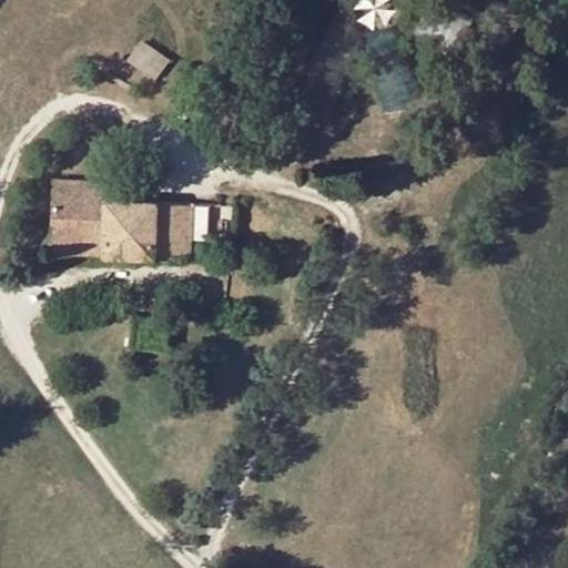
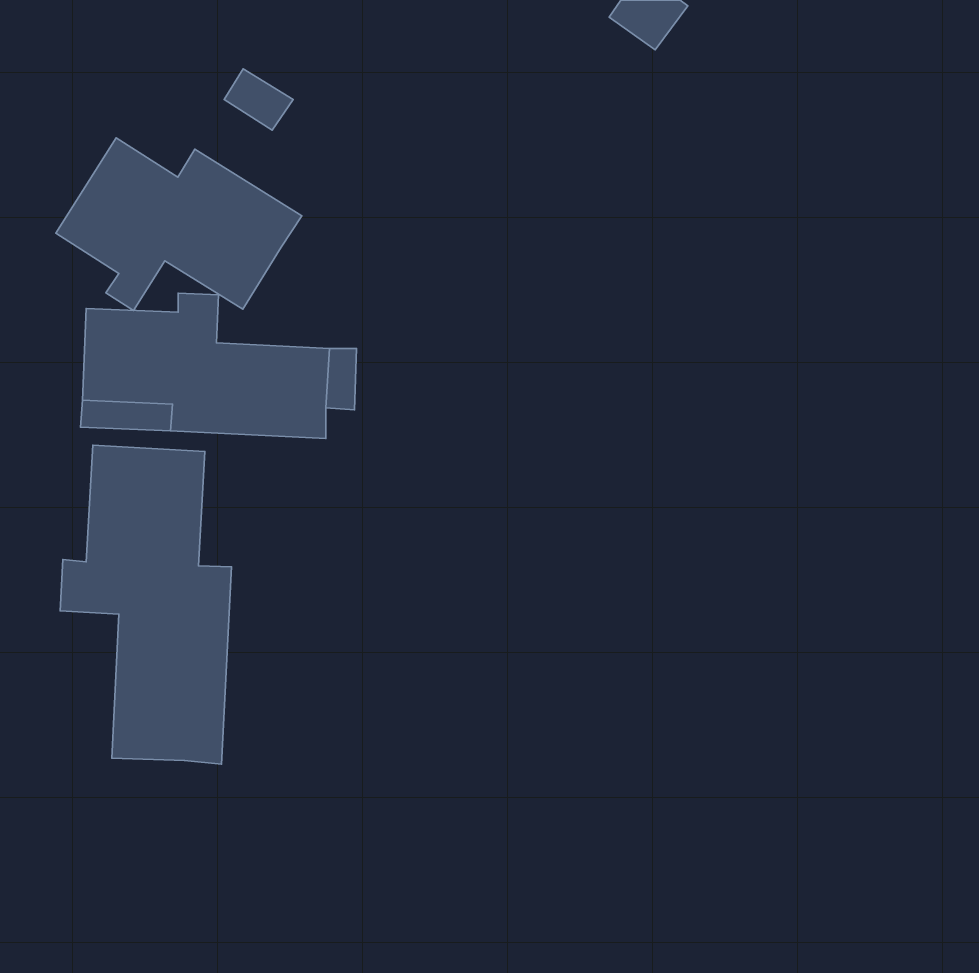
building: none -> [56,138,302,310]
building: none -> [60,445,231,764]

